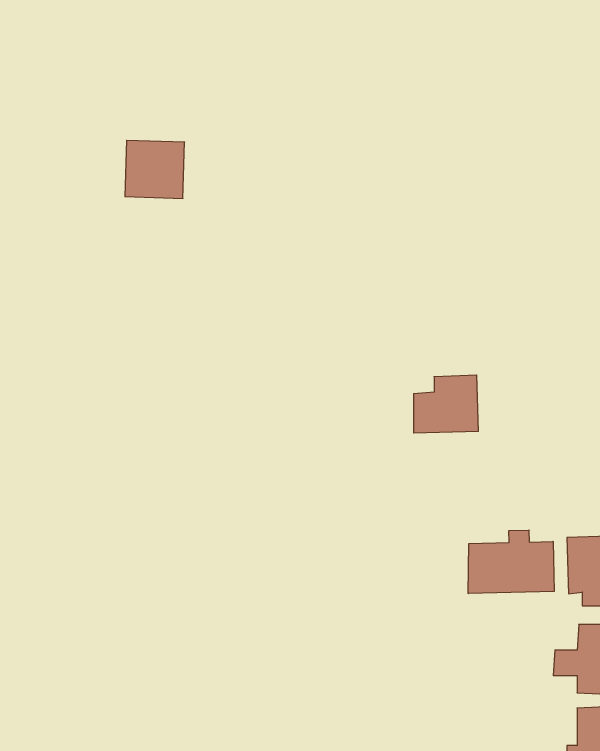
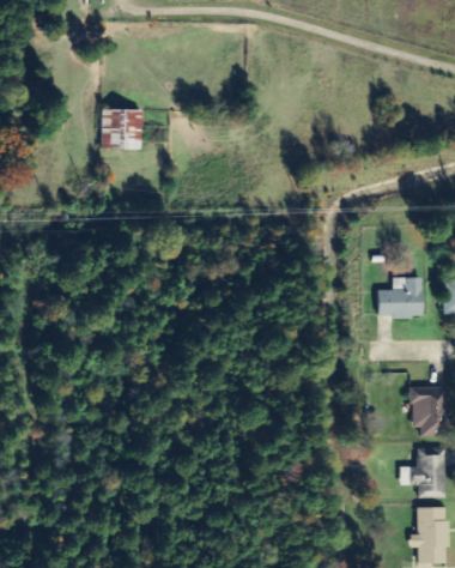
building: [414,375,478,433] -> [377,277,423,318]
building: [468,530,554,594] -> none

